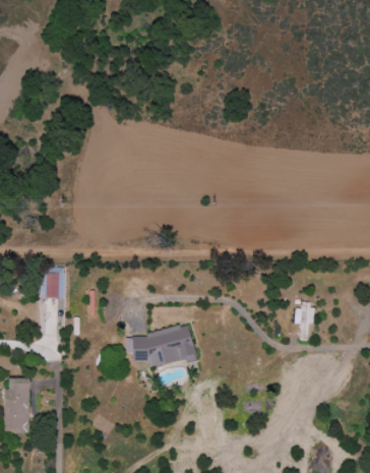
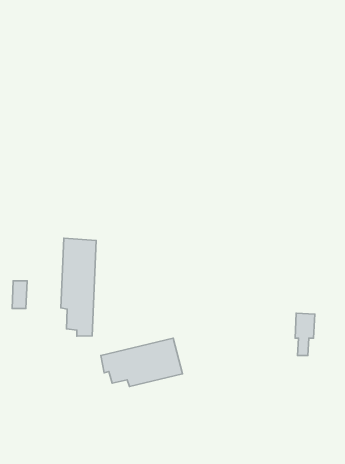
building: none -> [61,238,96,336]

